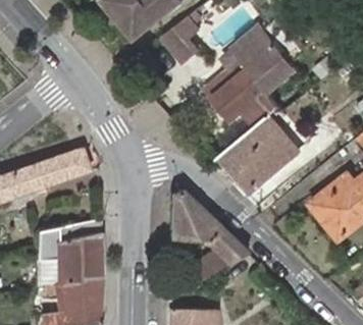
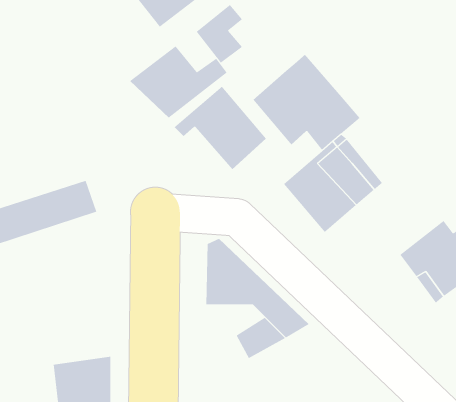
building: [227,25,296,88] -> [174,86,267,170]
building: none -> [129,45,228,119]
building: [38,218,100,287] -> none

